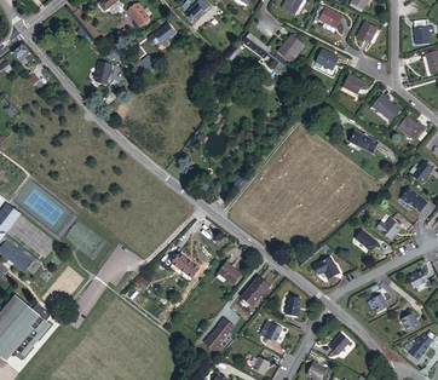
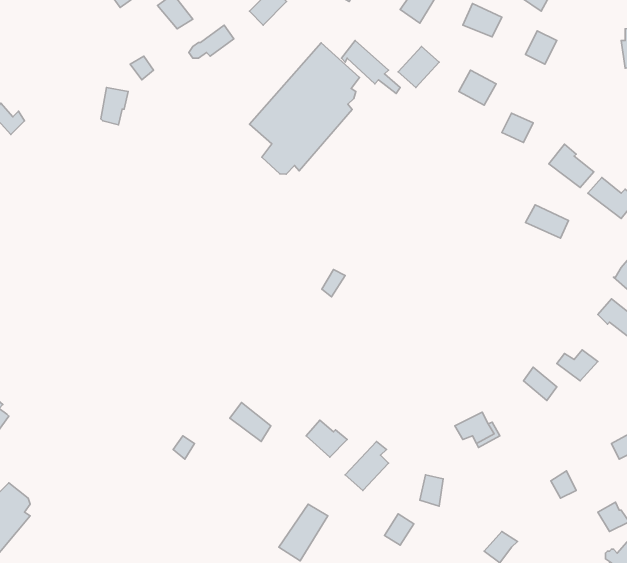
building: none -> [249,43,359,174]

